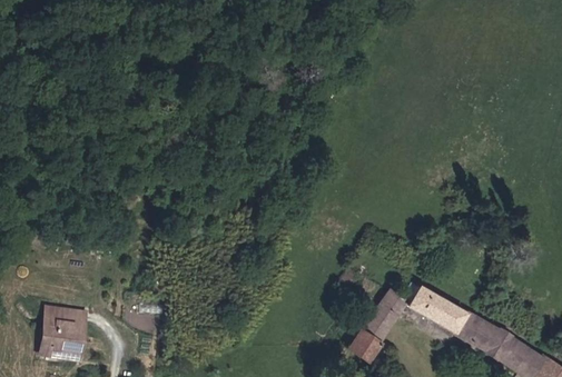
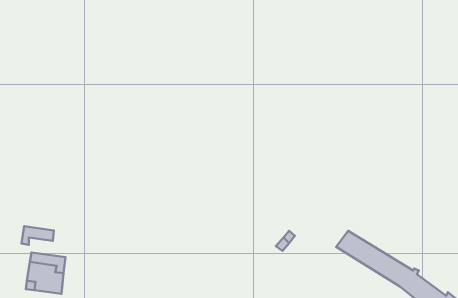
building: none -> [21,226,54,245]
building: [349,285,408,356] -> none

